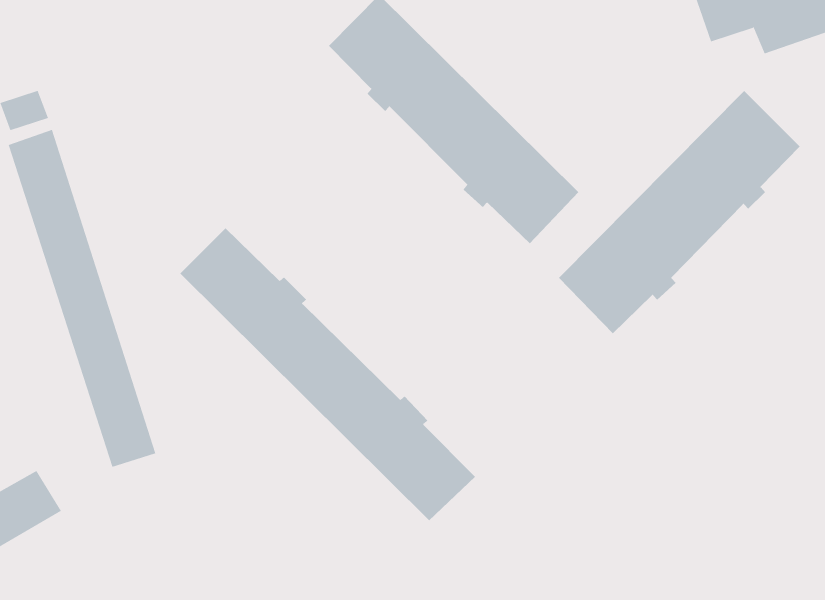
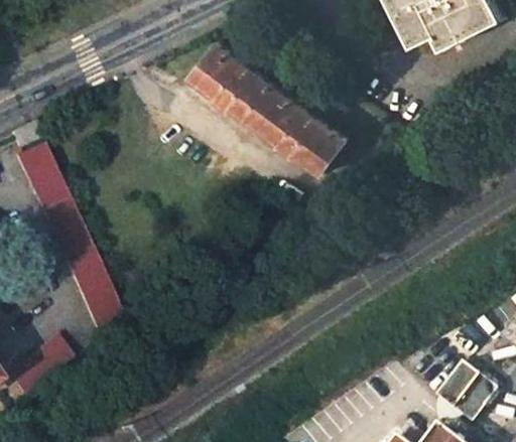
building: [558,90,800,334] -> none
building: [179,228,476,521] -> none

